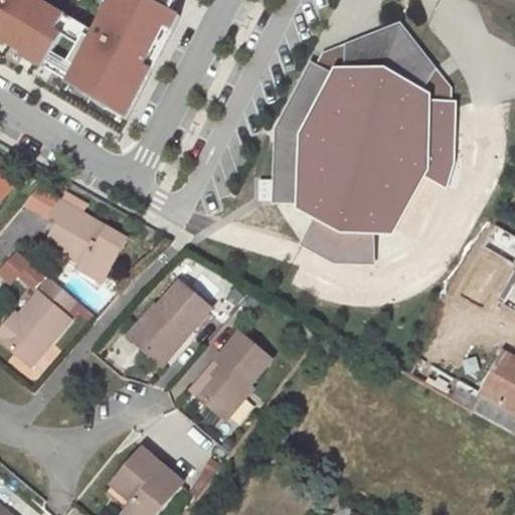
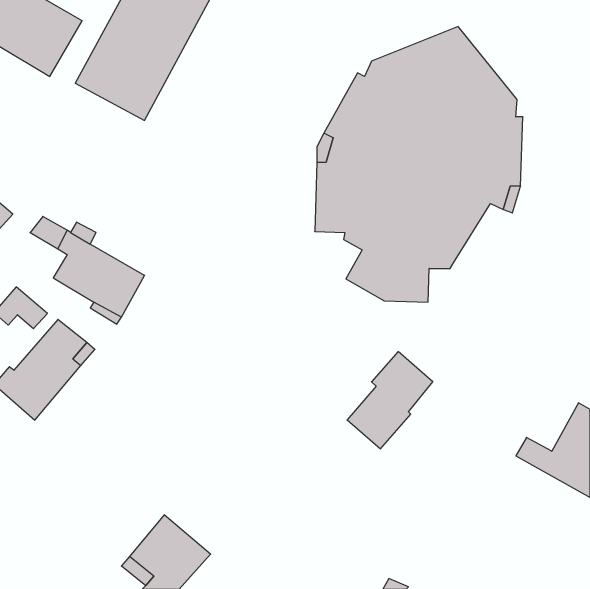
building: [129,281,210,360] -> none
building: [195,333,270,417] -> [347,352,433,449]

